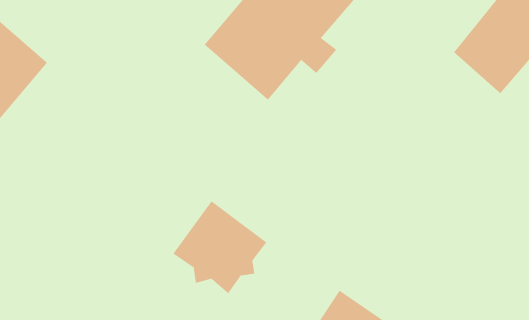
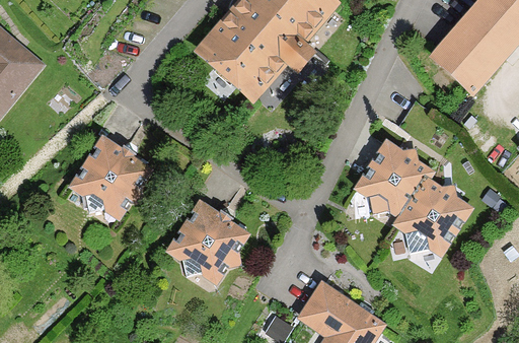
building: none -> [64,132,152,219]
building: none -> [352,139,475,257]

